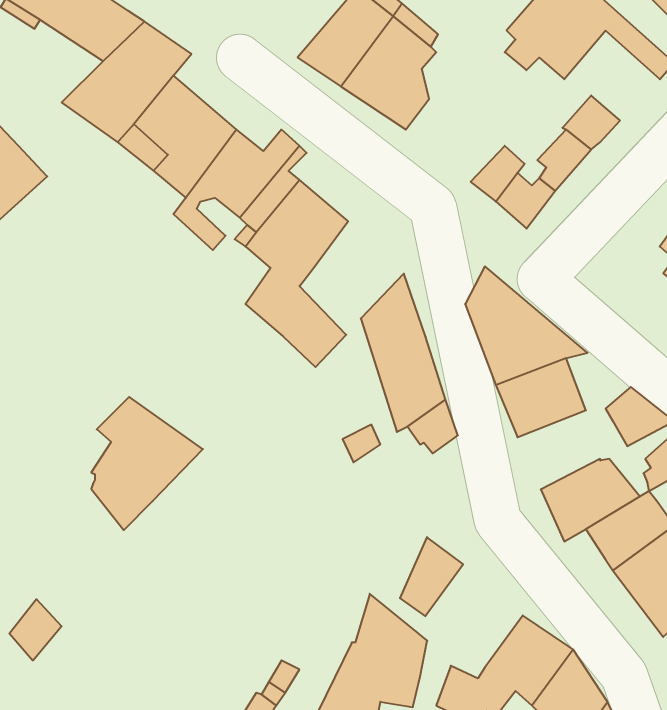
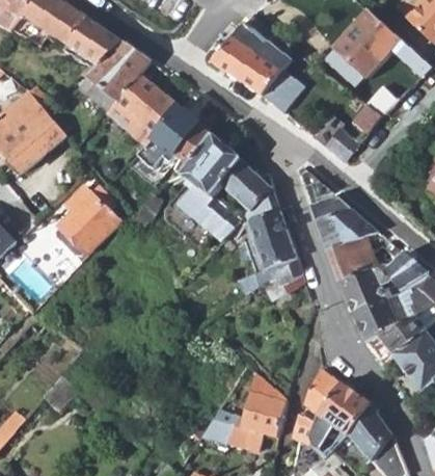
building: none -> [221,147,274,214]
building: [91,397,203,530] -> [63,185,128,262]
building: none -> [339,263,395,313]
building: [400,537,463,616] -> [306,370,343,416]

